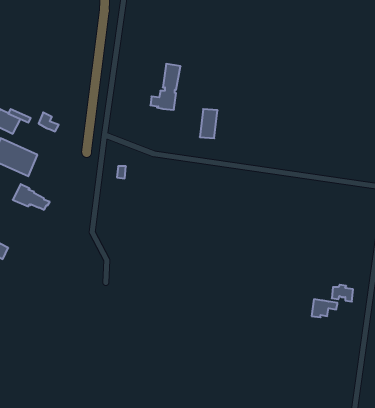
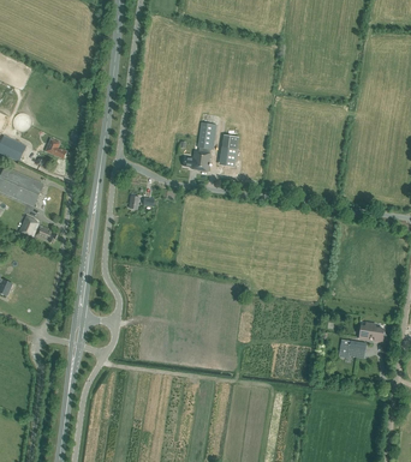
building: [150,64,181,110] -> [184,121,216,170]

